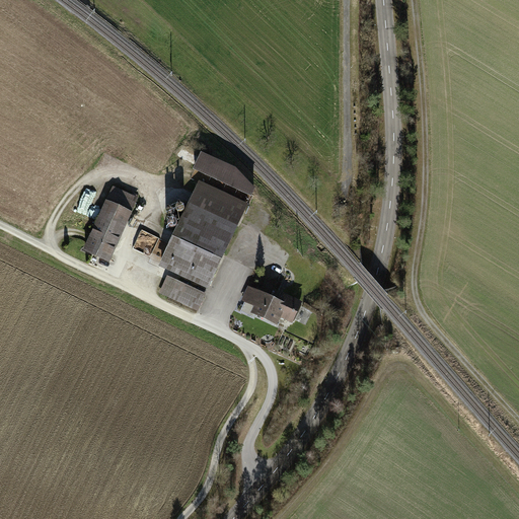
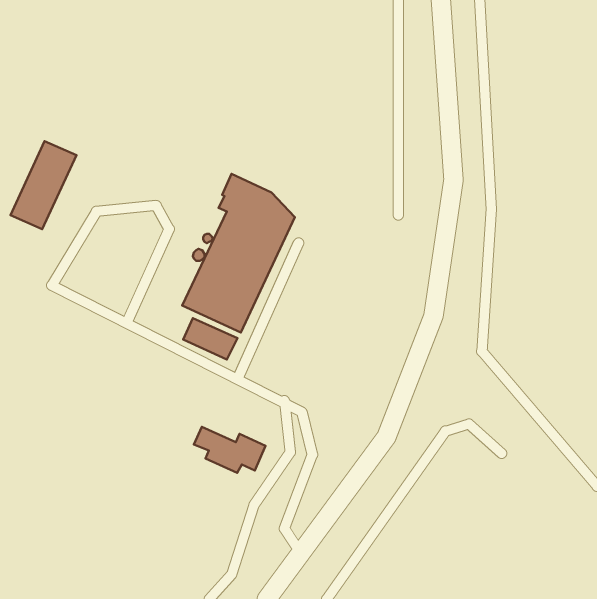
building: [82,186,139,262] -> [11,141,76,229]
building: [239,284,301,323] -> [194,427,265,473]

